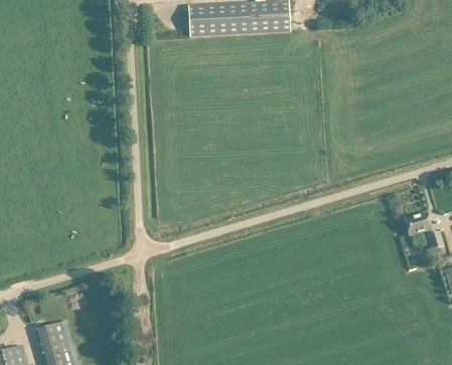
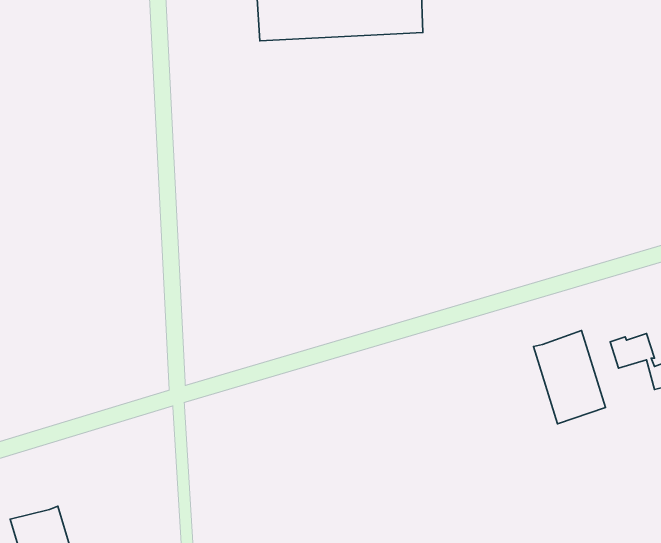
building: none -> [534,330,606,424]

